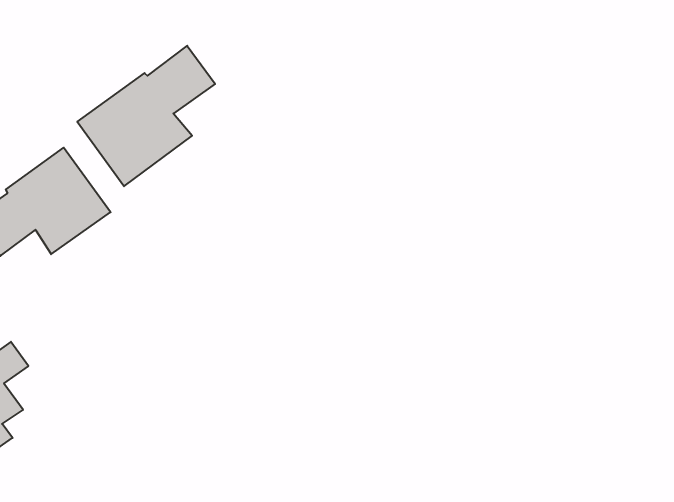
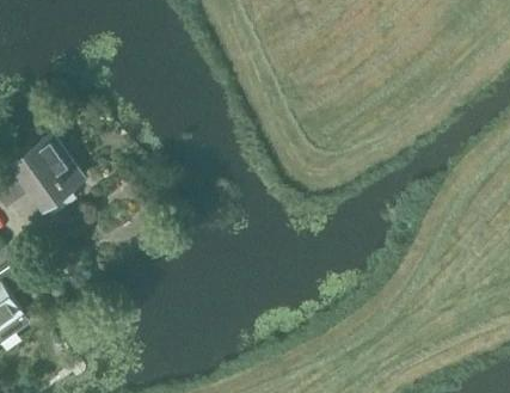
building: [77,46,215,186] -> none

